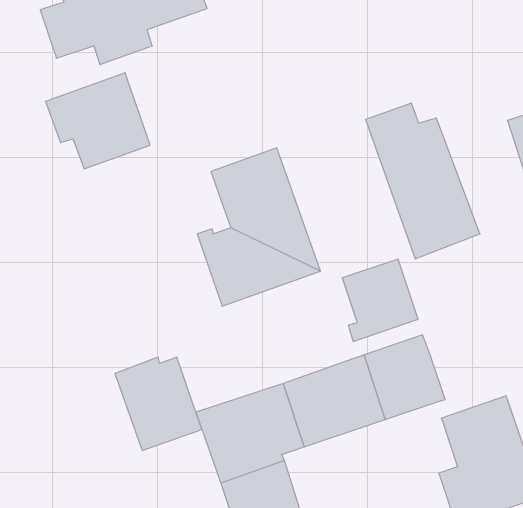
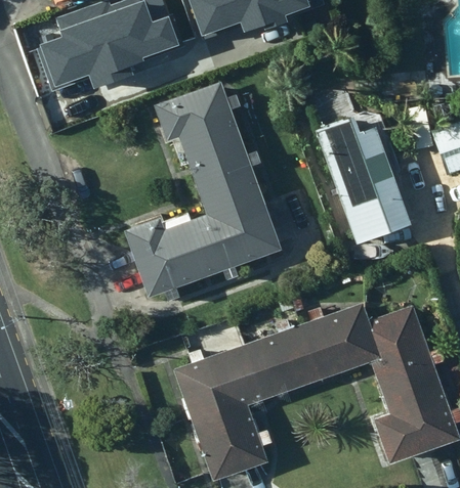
building: [45,73,150,169] -> [157,92,243,171]
building: [342,259,418,341] -> [369,306,431,373]
building: [115,357,202,451] -> [126,222,198,299]

